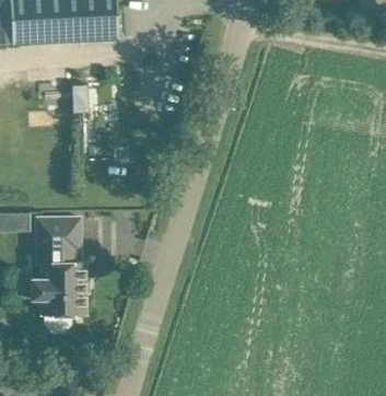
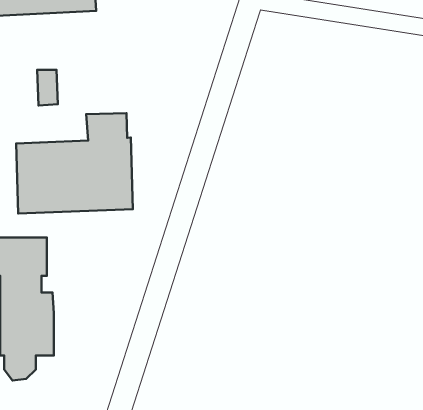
building: none -> [16,113,133,213]

